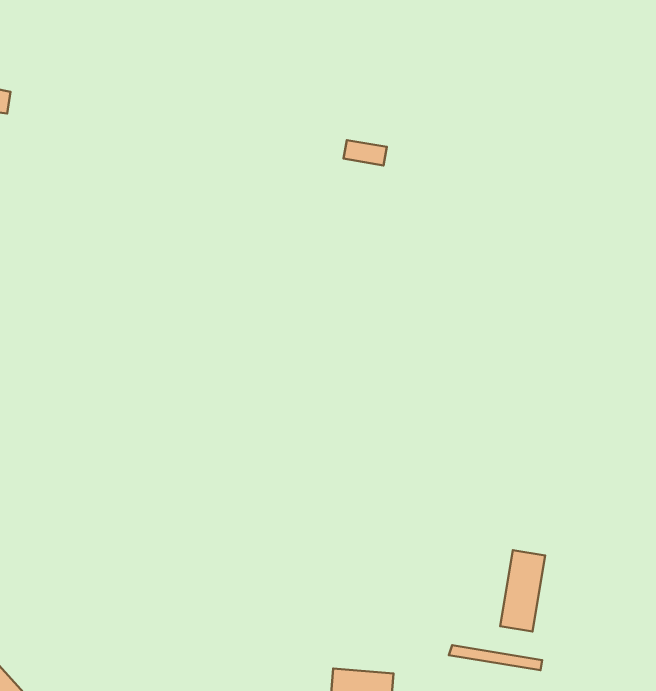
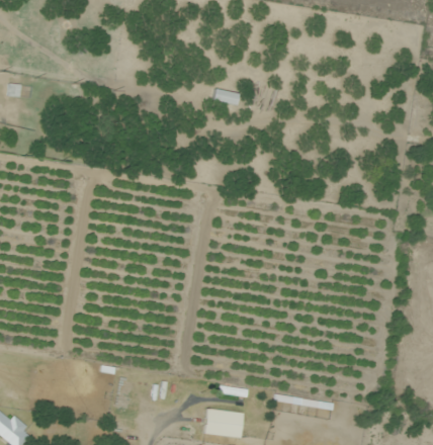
building: [500,550,545,632] -> none

